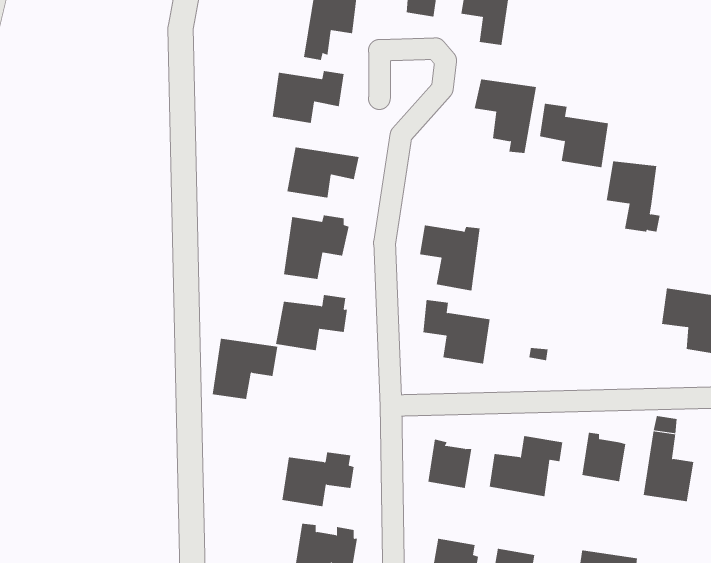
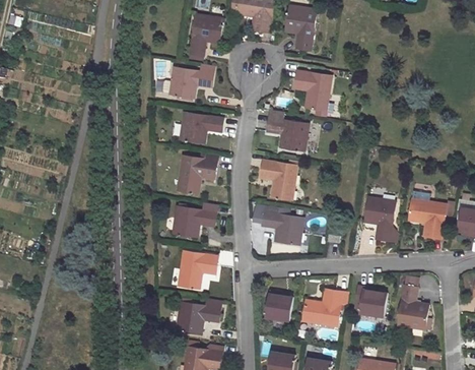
building: [539,103,609,168] -> [266,111,309,150]
building: [606,161,660,232] -> [363,197,397,241]
building: [212,338,278,400] -> [178,251,218,289]

